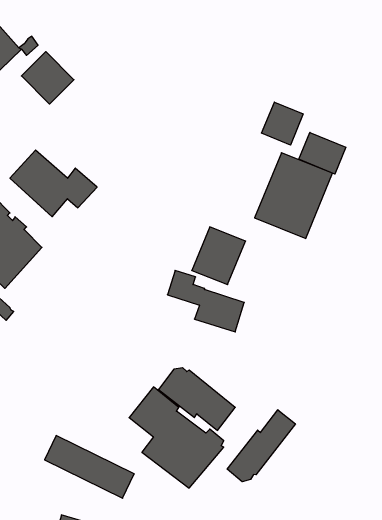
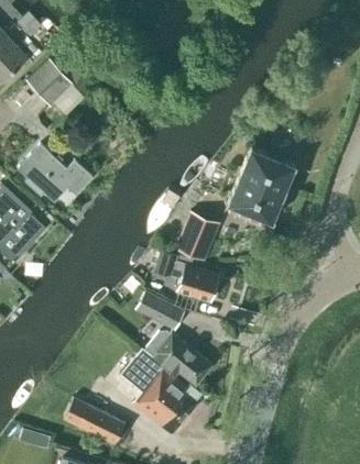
building: [262,102,303,145] -> none
building: [299,132,346,174] -> none
building: none -> [133,289,183,330]
building: [227,410,295,482] -> none

